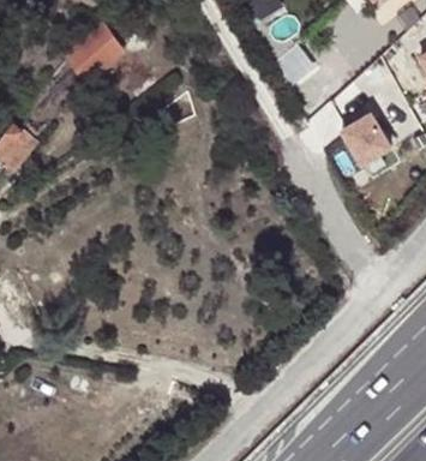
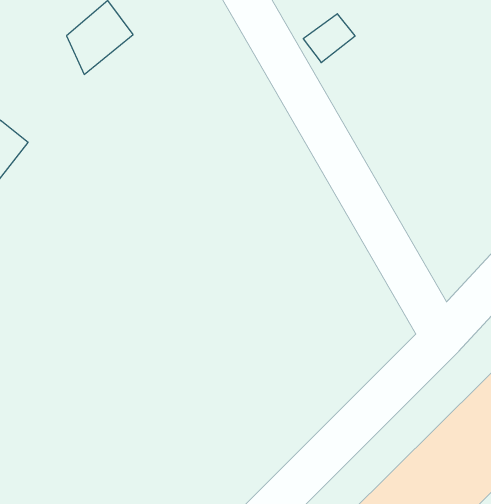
building: [341,112,390,162] -> none

